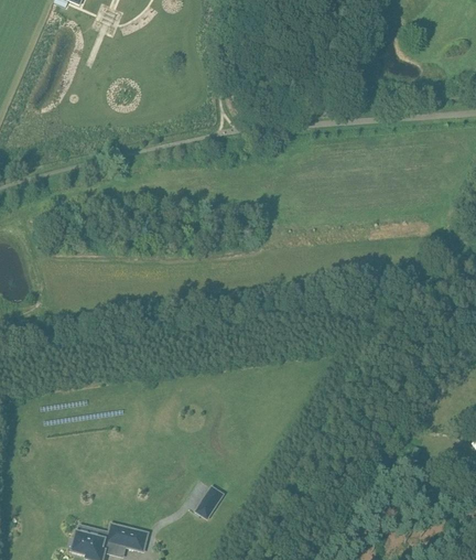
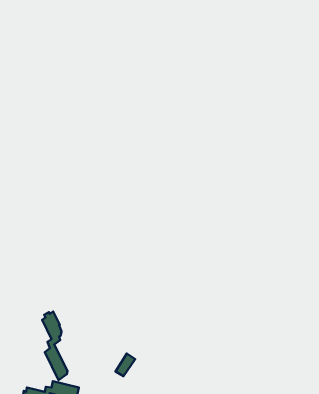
building: none -> [42,312,68,380]

